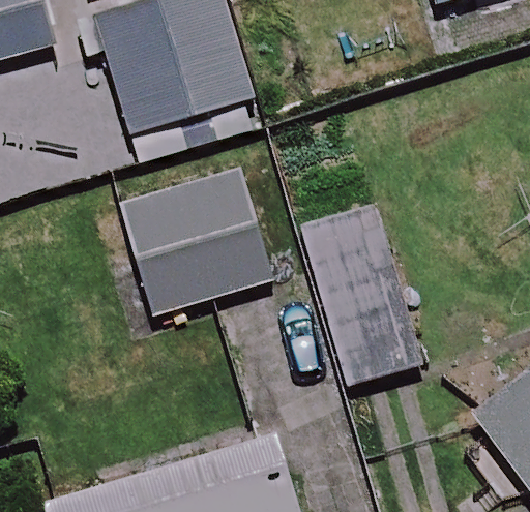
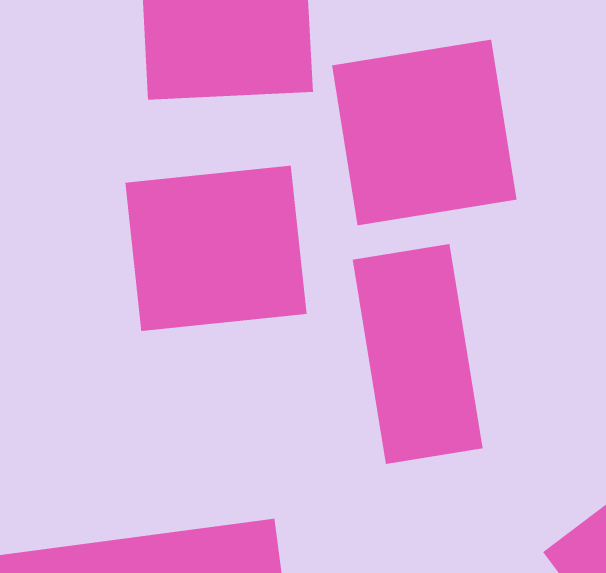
building: none -> [331,39,517,226]

